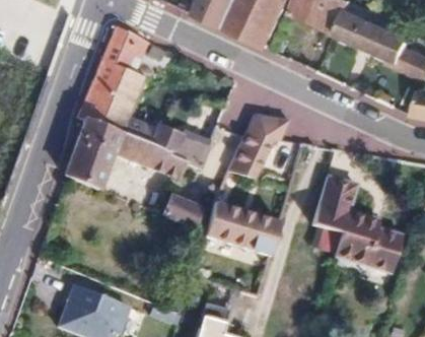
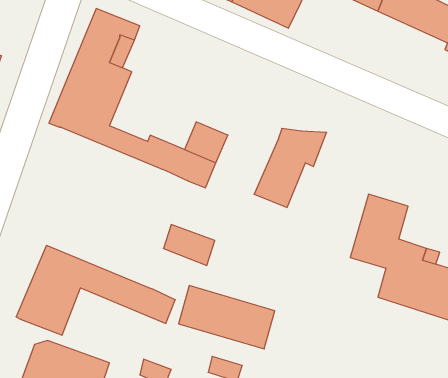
building: [62,123,185,192] -> [16,246,175,335]
building: [209,204,283,253] -> [179,286,275,349]

